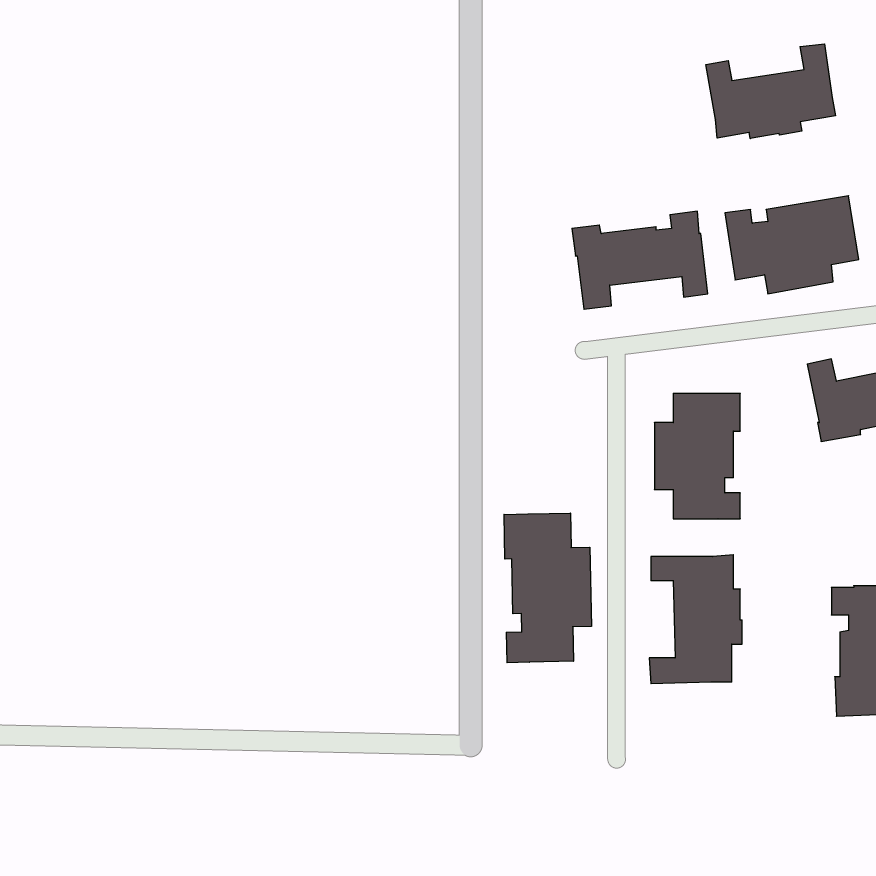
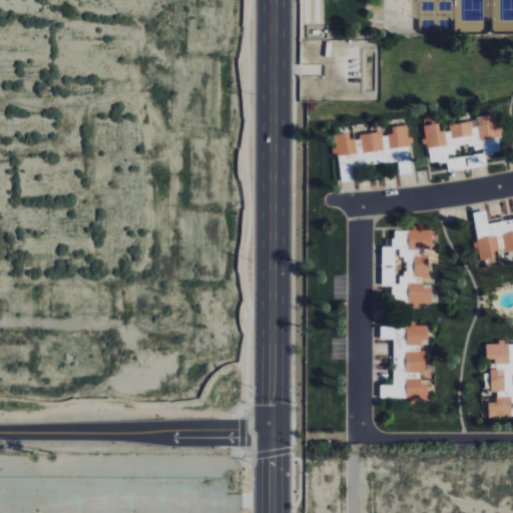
building: [706,44,835,139] -> none
building: [504,513,591,663] -> none

